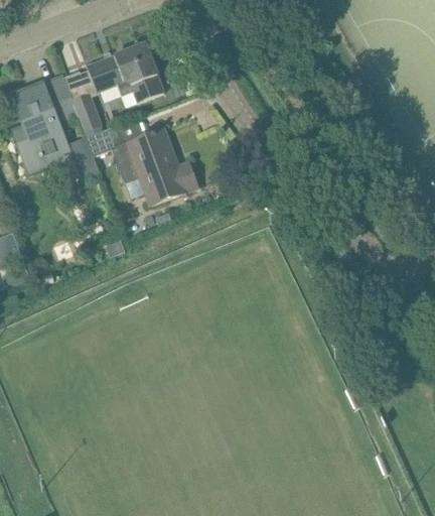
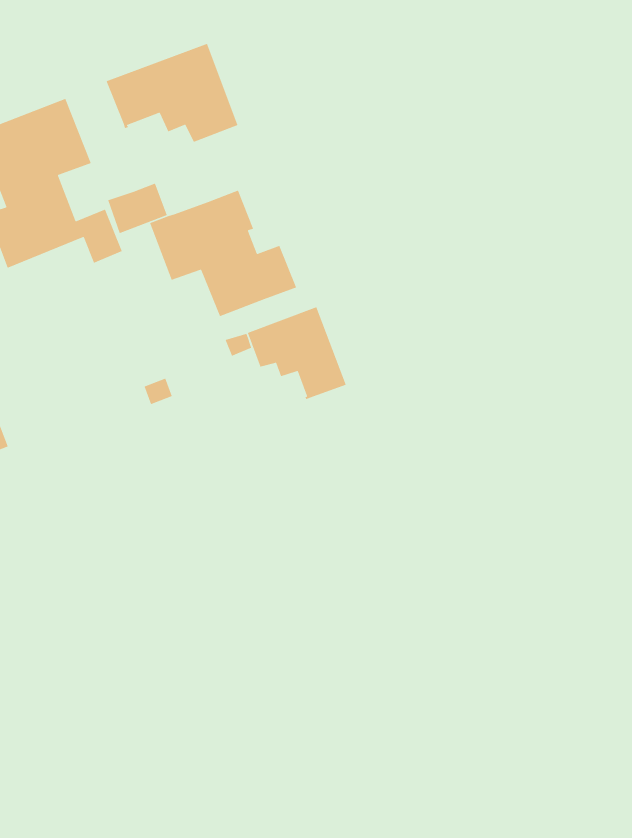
building: [72,93,102,134] -> none
building: none -> [247,306,347,400]

